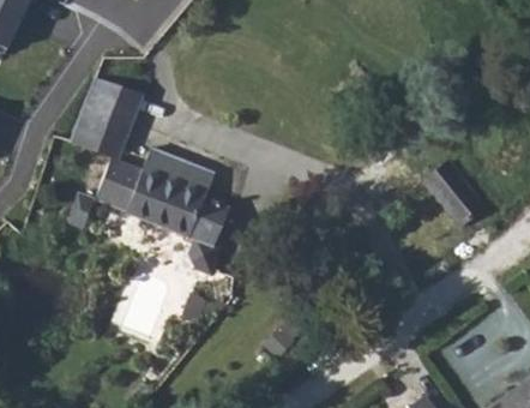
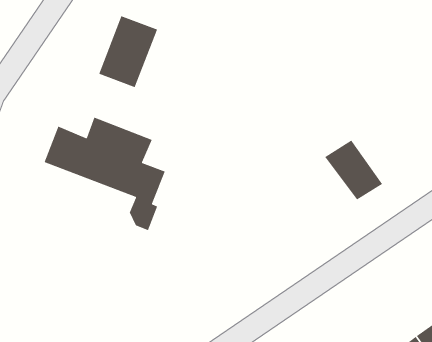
building: [76,77,141,157] -> [98,15,158,88]

